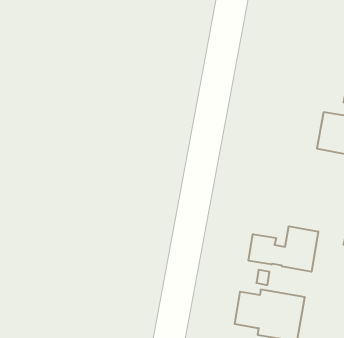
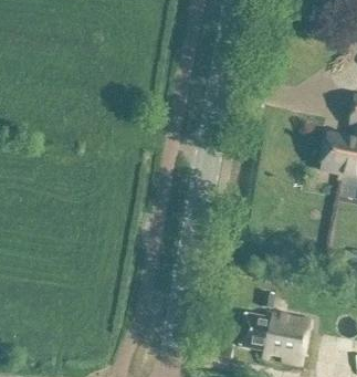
building: [249,226,318,272] -> none

